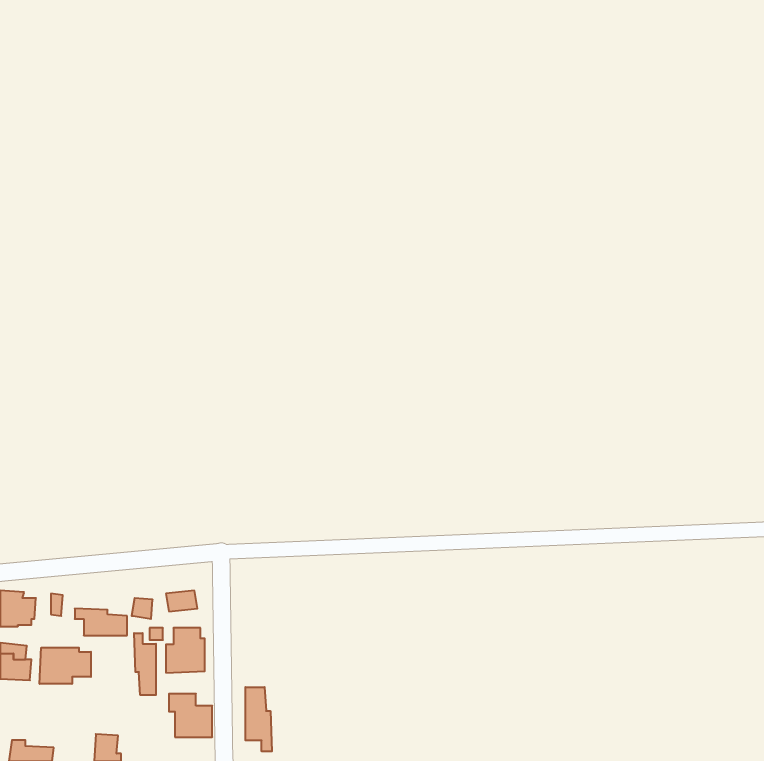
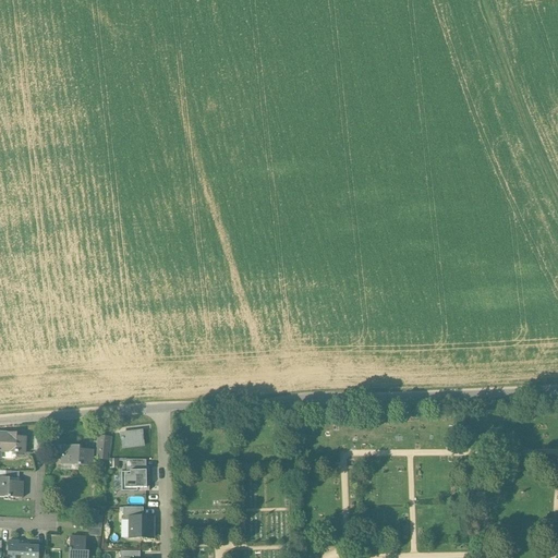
building: [134,633,156,695] -> none
building: [40,648,91,684] -> none
building: [245,687,272,751] -> none

